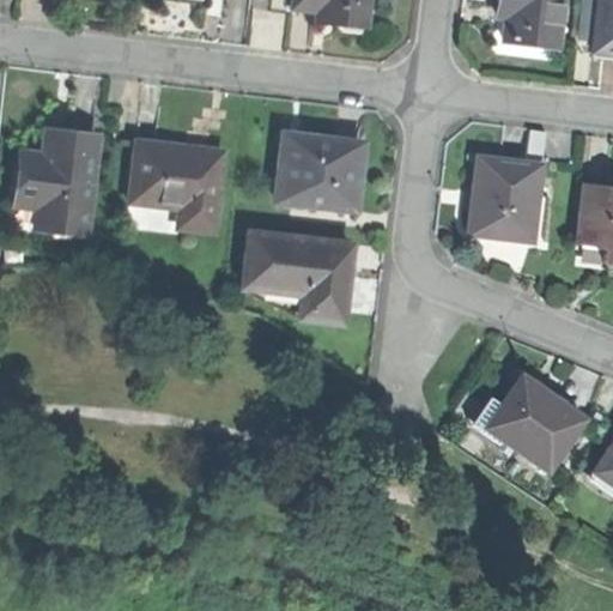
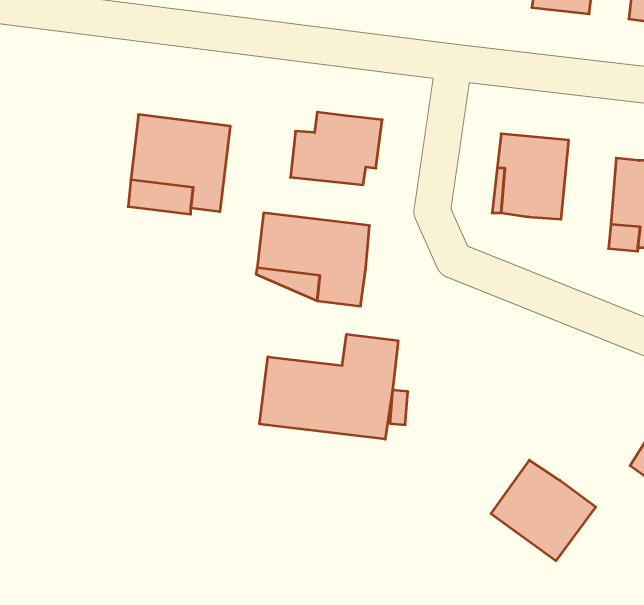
building: [17,131,98,231] -> none
building: none -> [260,334,398,439]
building: [488,373,587,467] -> [491,460,596,561]

